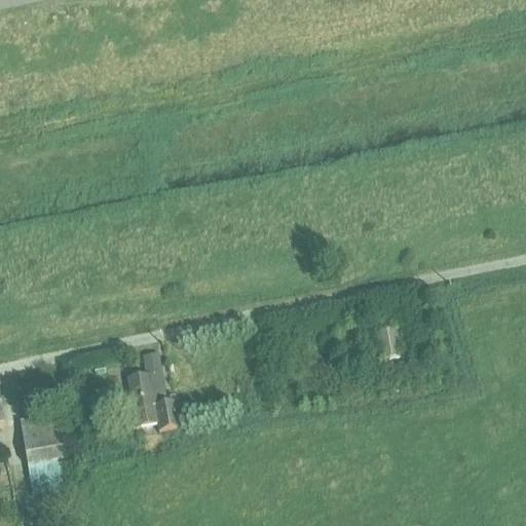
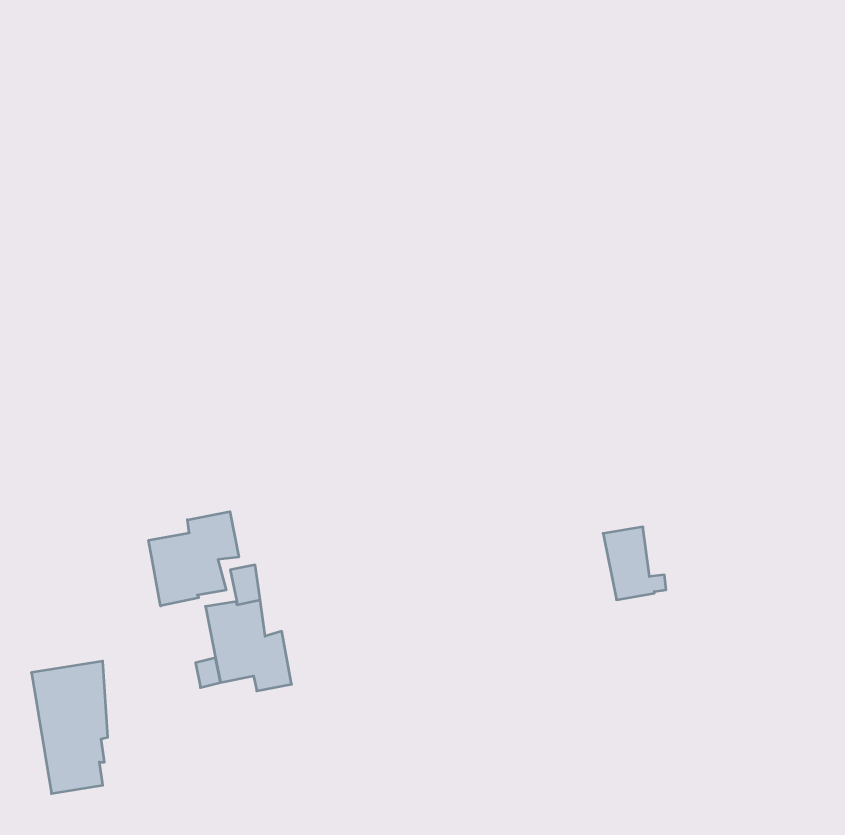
building: none -> [149,512,239,606]

